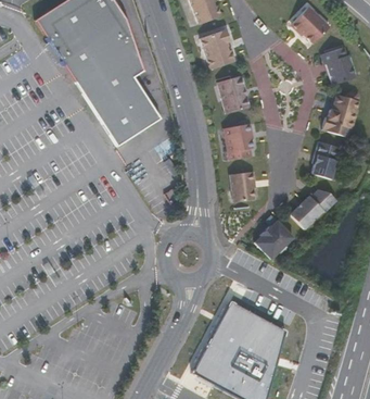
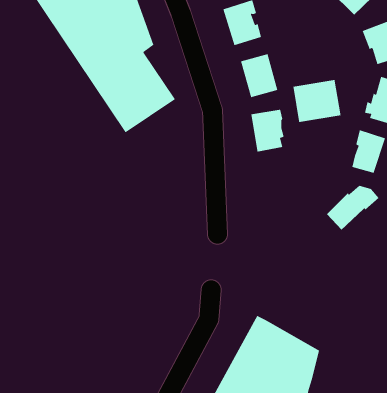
building: none -> [293,79,341,123]
building: [229,167,258,201] -> none
building: [255,221,293,260] -> none

